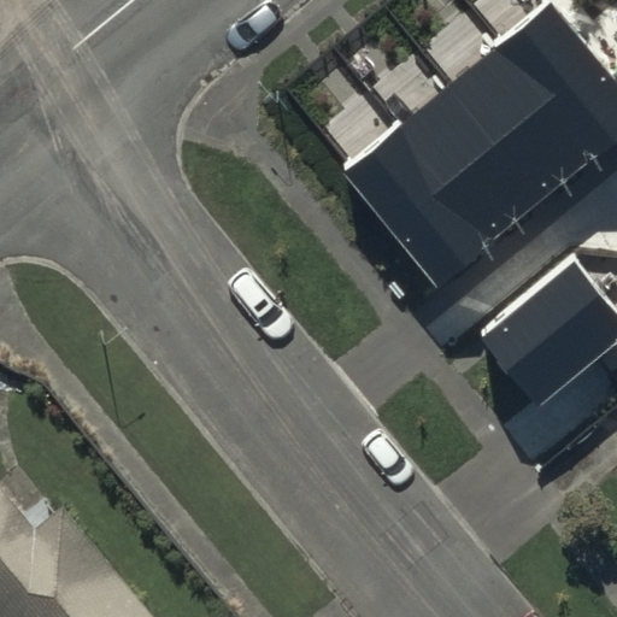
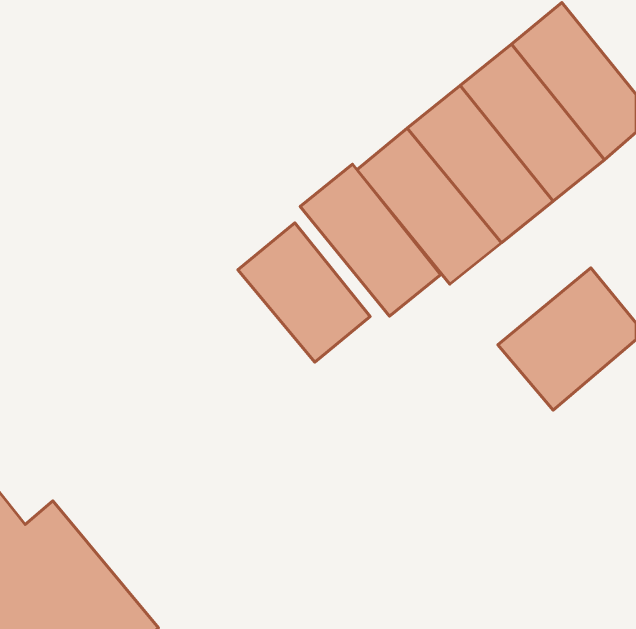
building: none -> [300,164,440,316]
building: none -> [238,223,370,362]

